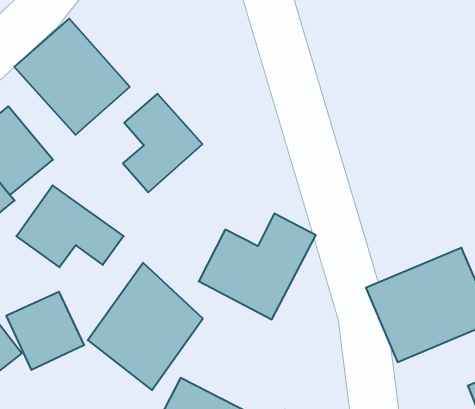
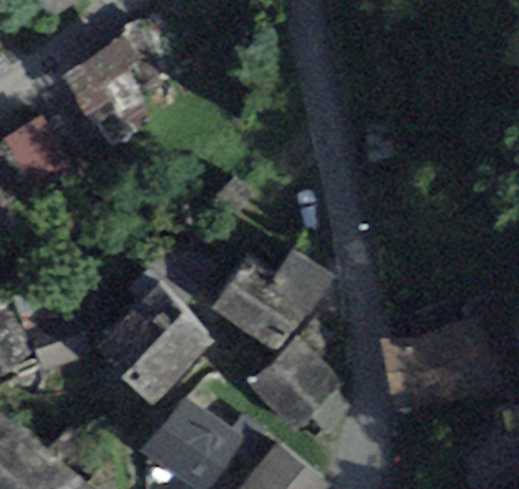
building: [123,94,202,192] -> none
building: [16,185,124,267] -> none
building: none -> [245,340,349,434]

